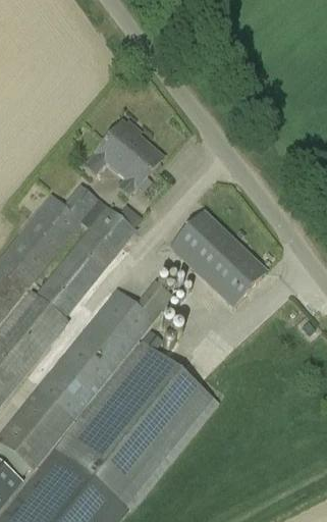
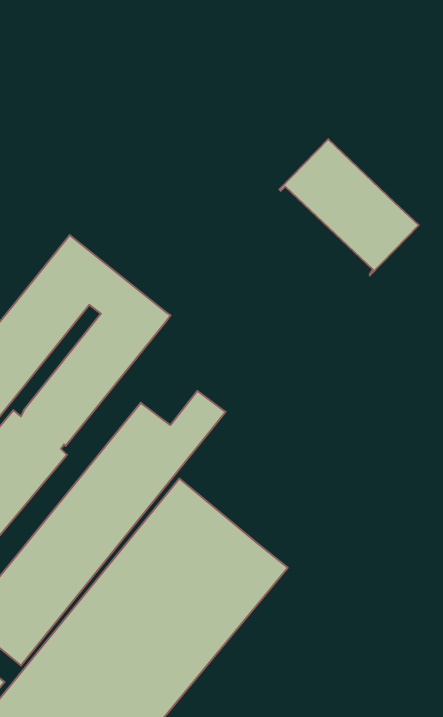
building: [84,119,163,197] -> none
building: [170,213,266,307] -> [279,139,419,276]

